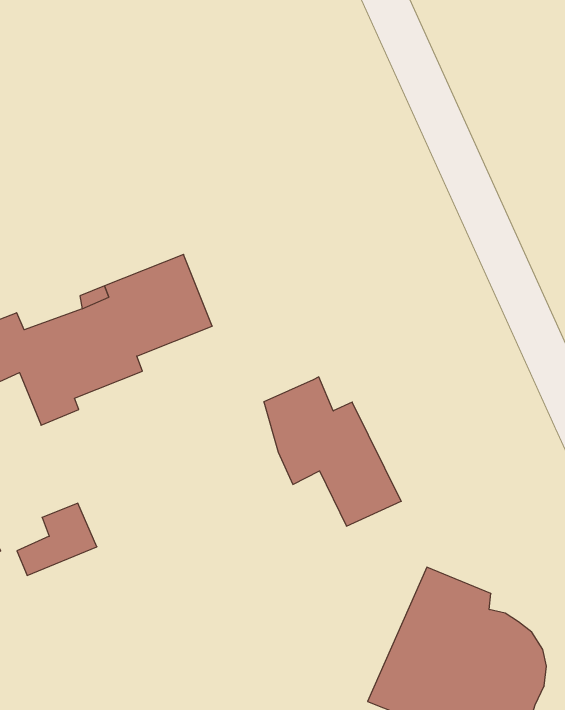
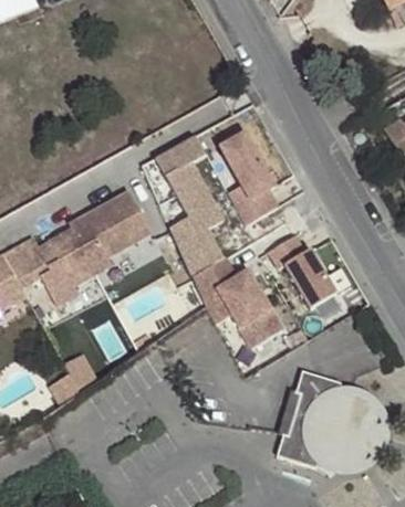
building: none -> [157,135,222,277]
building: none -> [221,134,285,225]
building: none -> [269,231,336,307]

